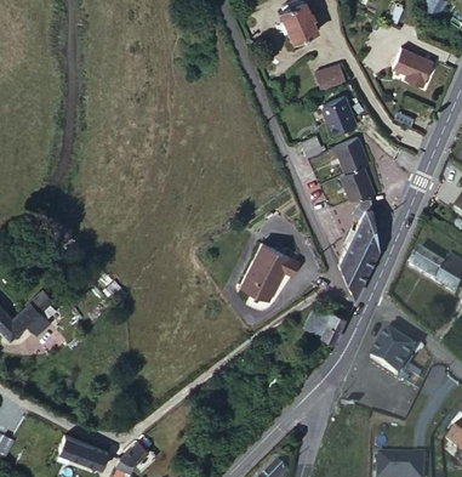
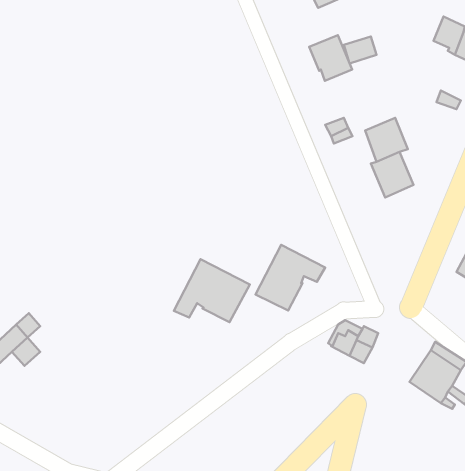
building: [319,95,355,134] -> [309,35,352,81]
building: [338,198,377,295] -> none
building: none -> [174,259,250,322]

